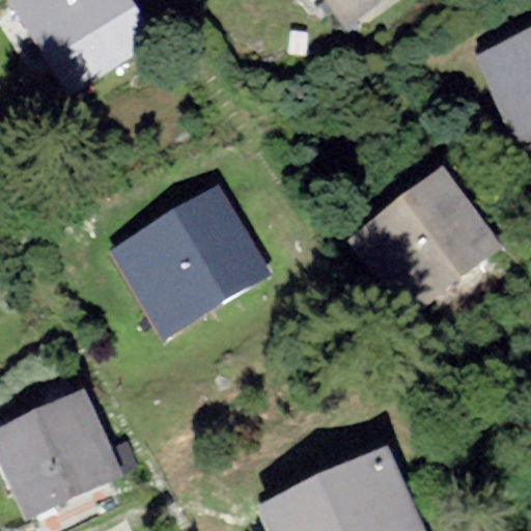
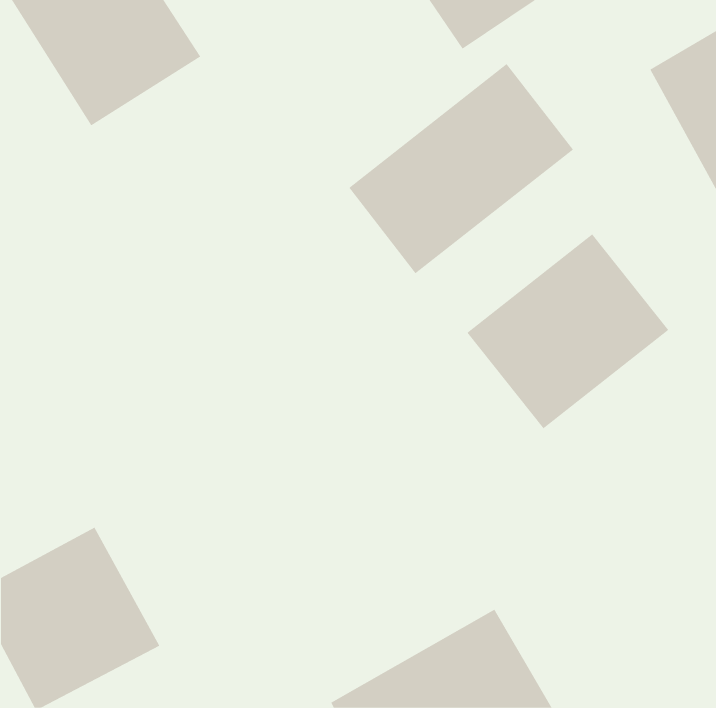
building: none -> [348,63,574,274]
building: [110,181,274,343] -> none

